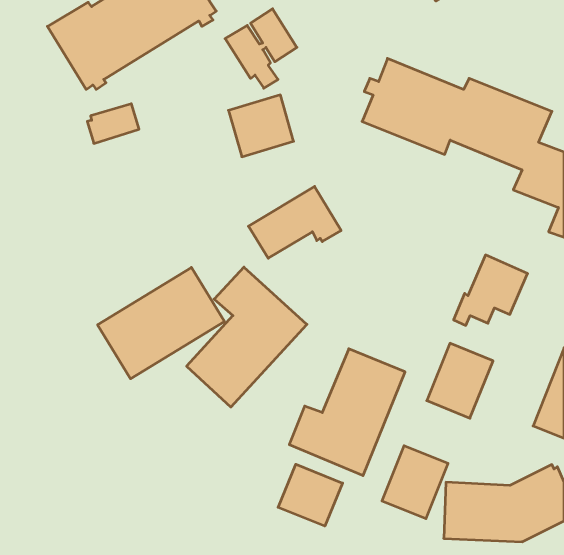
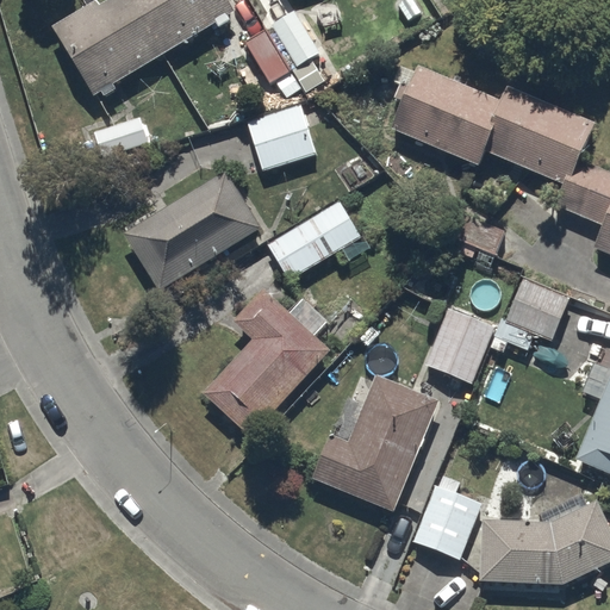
building: [98,267,224,379] -> [123,172,260,292]
building: [427,343,493,418] -> [424,303,496,384]
building: [278,464,343,526] -> none

